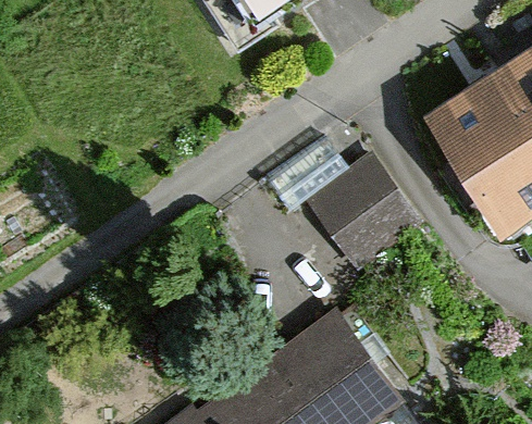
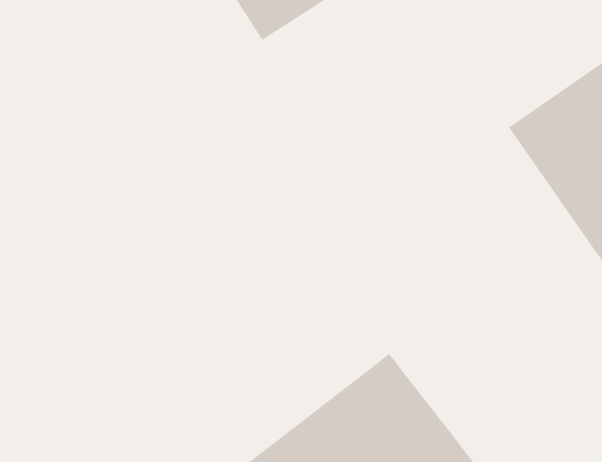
building: [307,160,406,259] -> none

